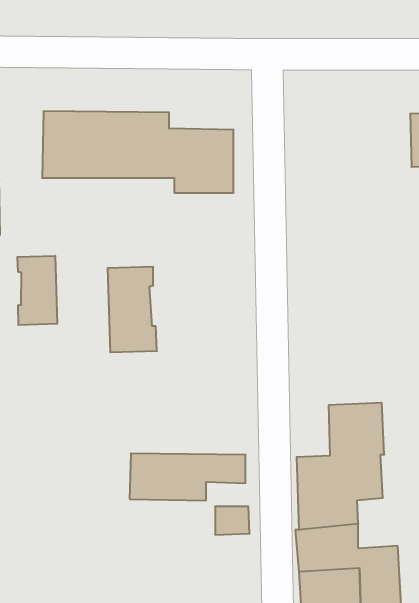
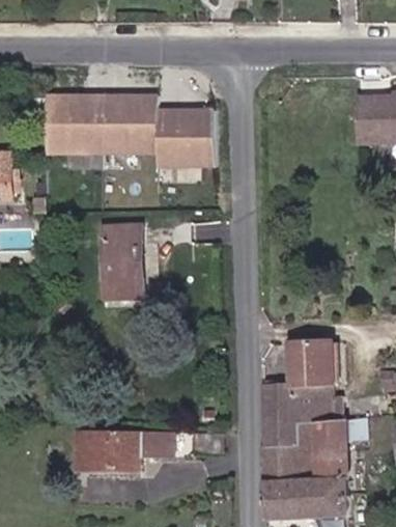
building: [17,256,57,325] -> none
building: [130,453,246,500] -> [77,431,174,470]
building: none -> [312,419,346,463]

